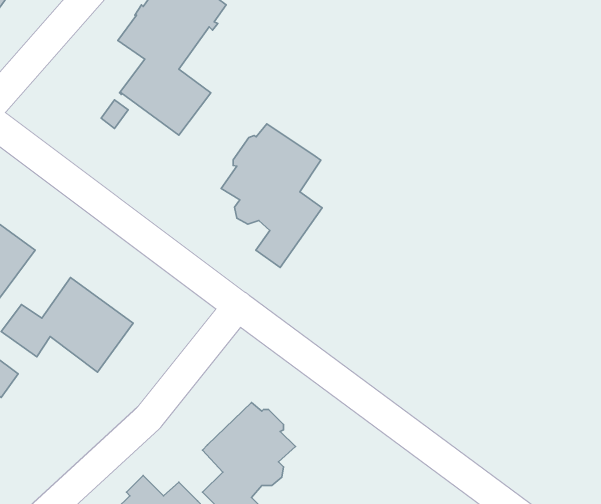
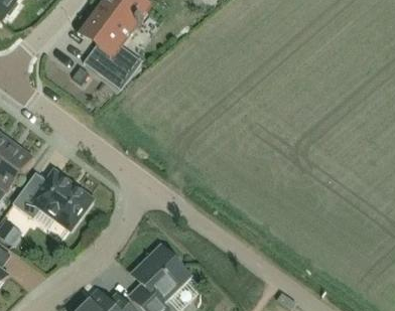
building: [221,124,322,267] -> none

